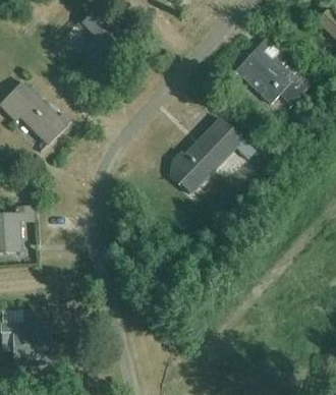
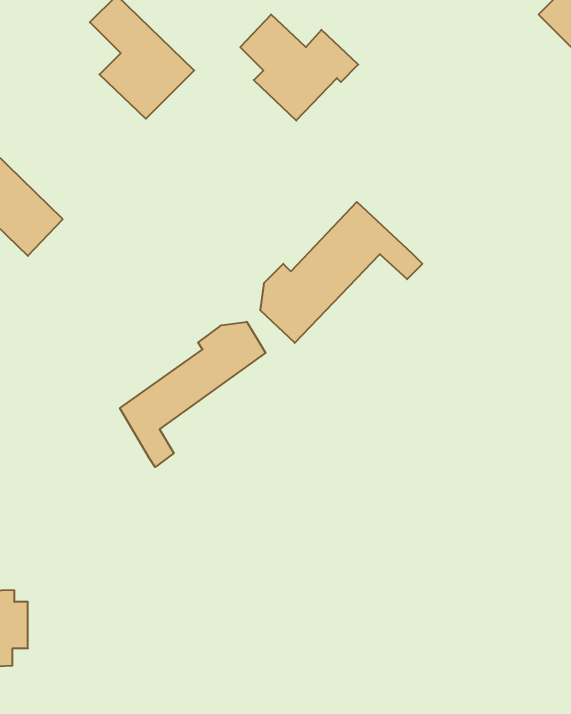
building: [240,46,302,102] -> [240,14,358,121]
building: none -> [120,322,266,467]

